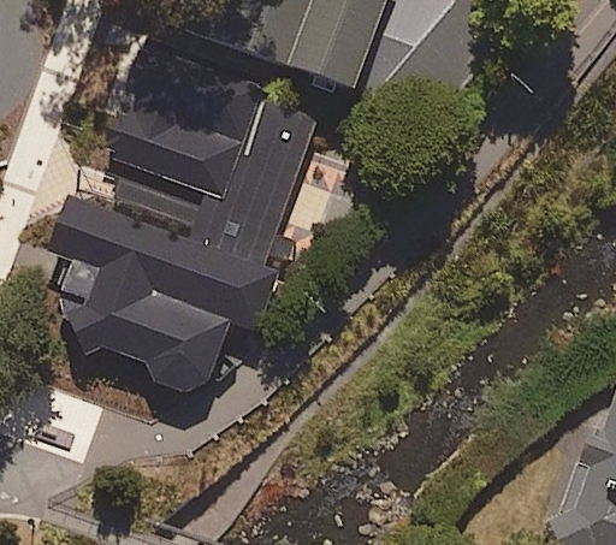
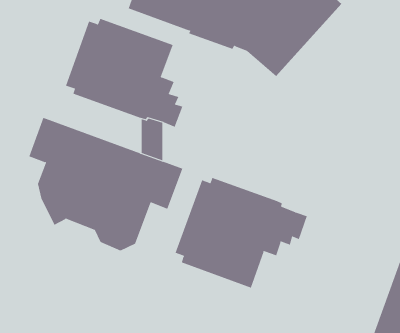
building: none -> [175,177,308,288]

